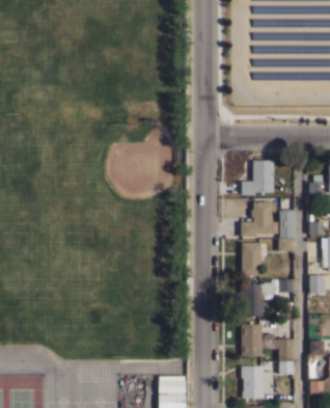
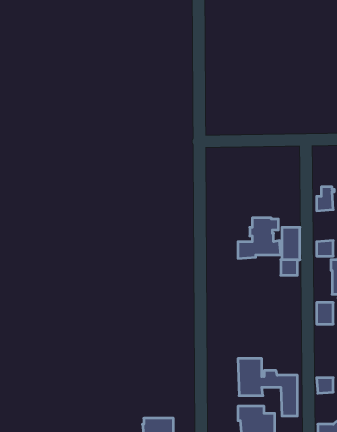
building: [241,160,274,195] -> none
building: [241,242,260,275] -> none
building: [241,279,293,317] -> none

